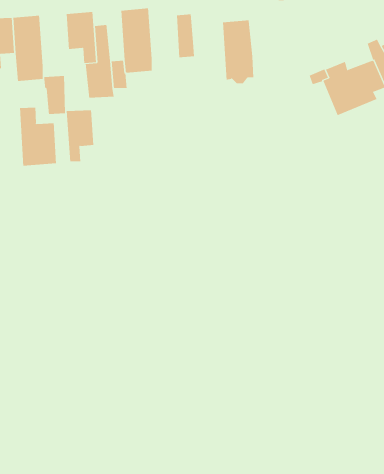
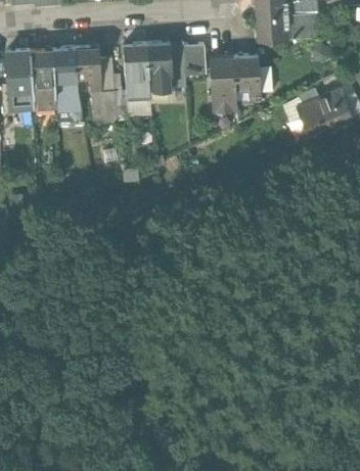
building: none -> [146,43,172,88]
building: none -> [183,43,207,74]
building: none -> [233,53,260,98]
building: [20,107,56,166] -> none
building: [66,110,94,162] -> [52,49,77,94]

